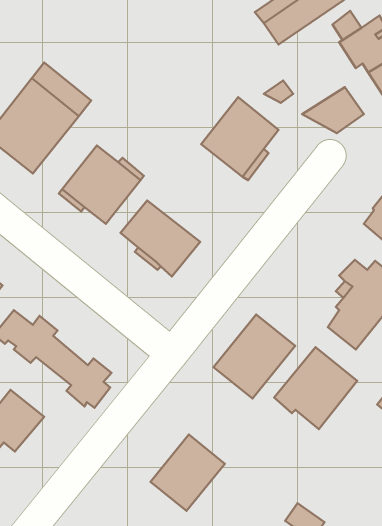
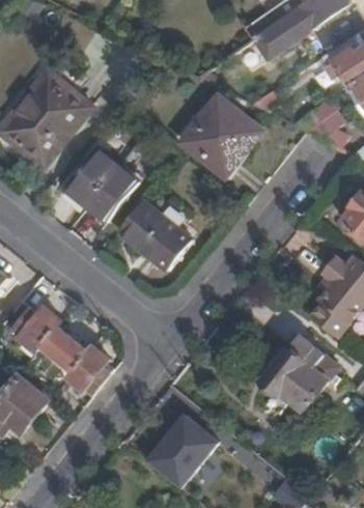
building: [214,315,295,398] -> none

